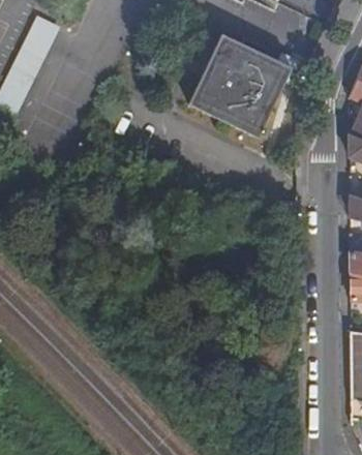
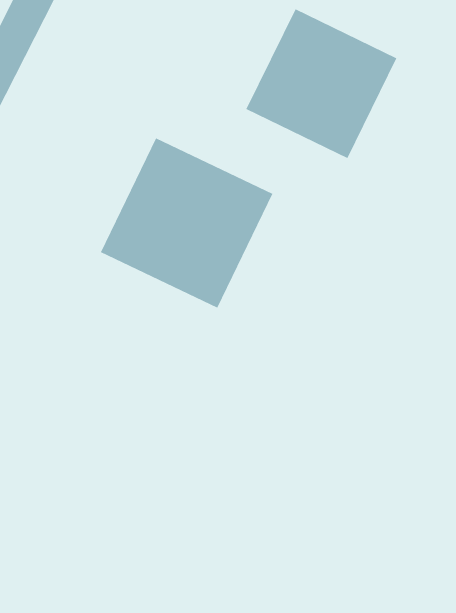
building: none -> [100,137,273,308]

